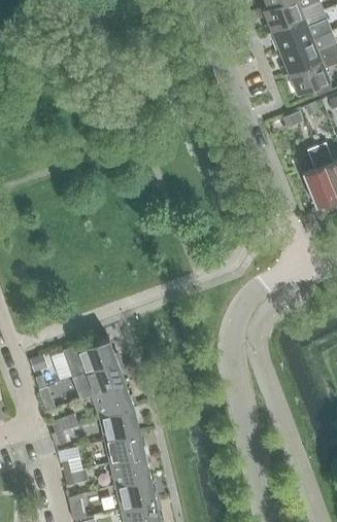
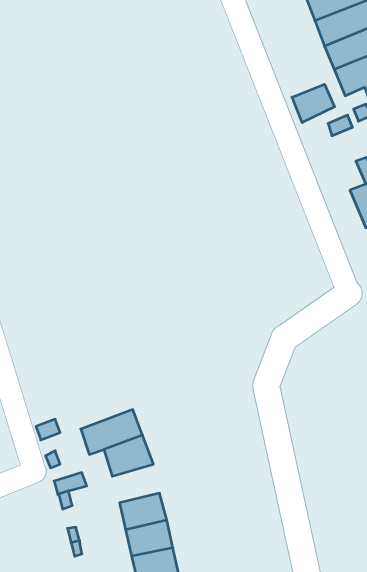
building: none -> [292,84,335,123]
building: [62,338,116,377] -> none
building: [99,407,139,440] -> none

